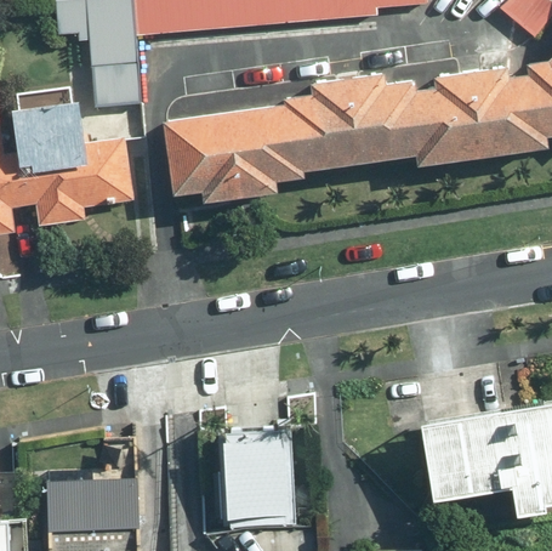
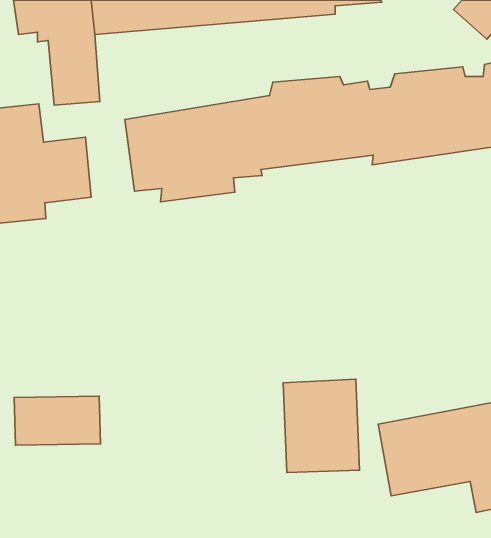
building: [218,436,296,530] -> [283,379,360,472]
building: [49,479,136,529] -> [14,396,100,445]

